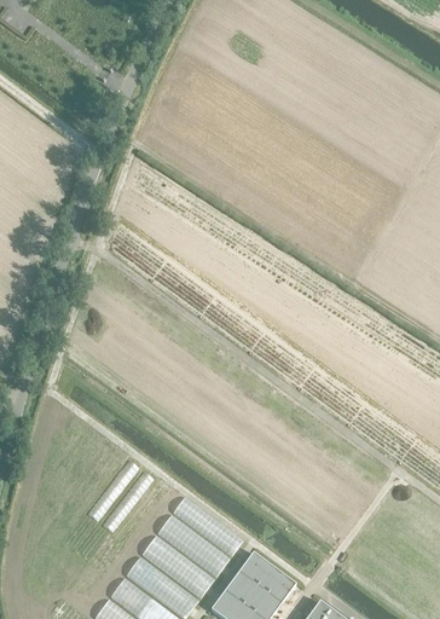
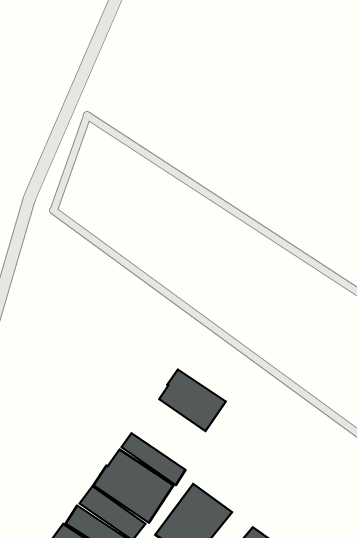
building: none -> [159,369,226,431]

